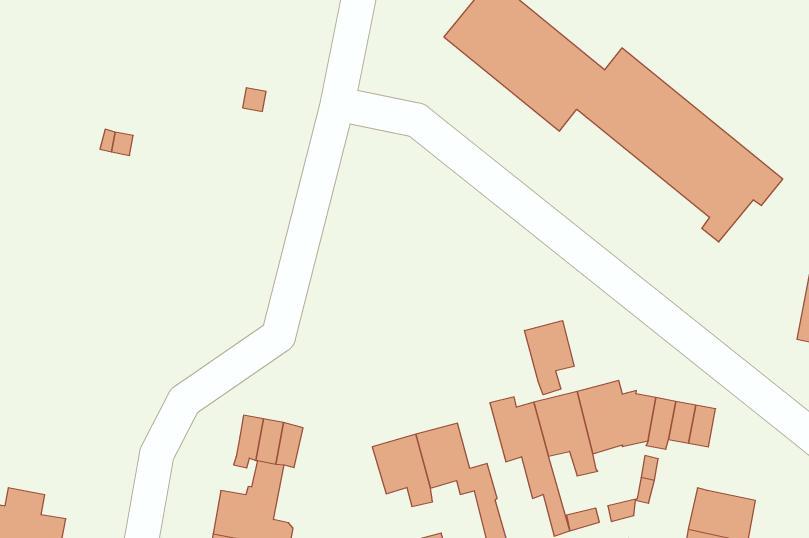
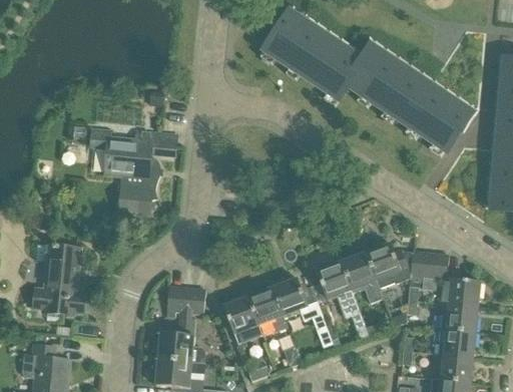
building: none -> [91,128,176,217]
building: [524,321,574,395] -> none
building: none -> [32,243,85,313]
building: none -> [223,297,263,343]
building: none -> [449,278,481,306]

